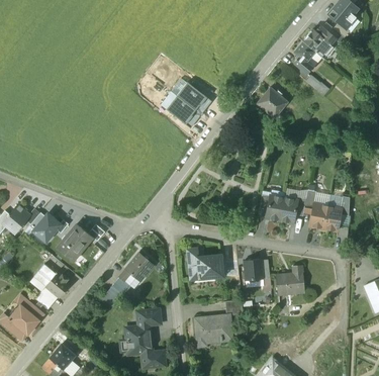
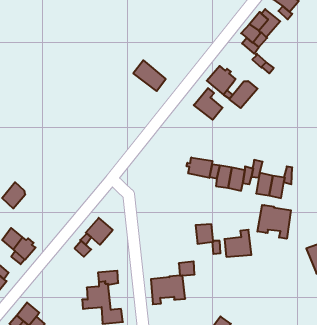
building: [166,95,201,127] -> none
building: none -> [229,81,258,108]
building: none -> [194,88,223,120]
building: none -> [187,157,212,178]
building: [57,224,92,261] -> none
building: none -> [257,205,291,239]
building: [187,248,222,280] -> none

